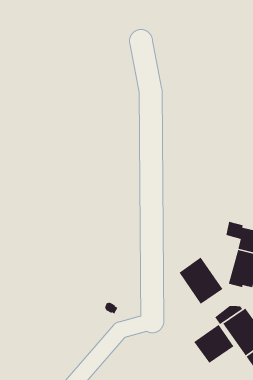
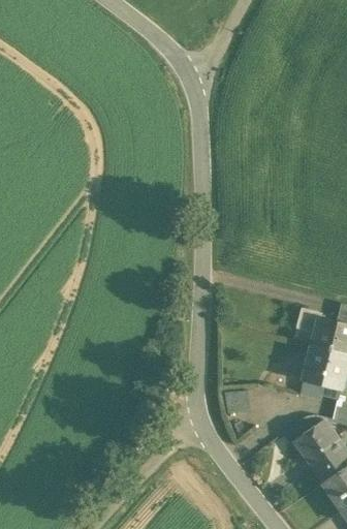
building: [179,257,223,305] -> none
building: [193,324,235,364] -> none

